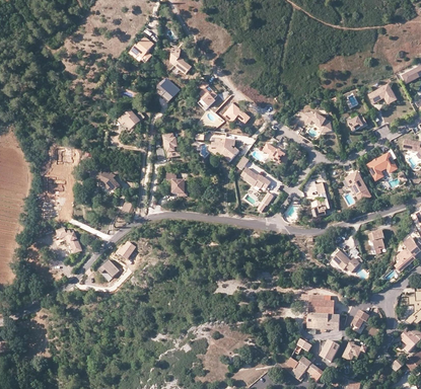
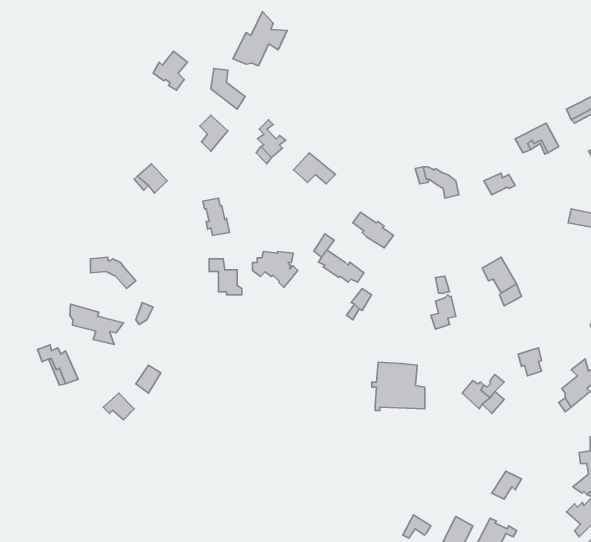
building: none -> [233,12,287,66]
building: [209,138,238,161] -> [253,252,298,288]
building: [365,152,395,179] -> none
building: none -> [70,304,123,344]
building: [304,298,339,329] -> [372,362,425,410]

